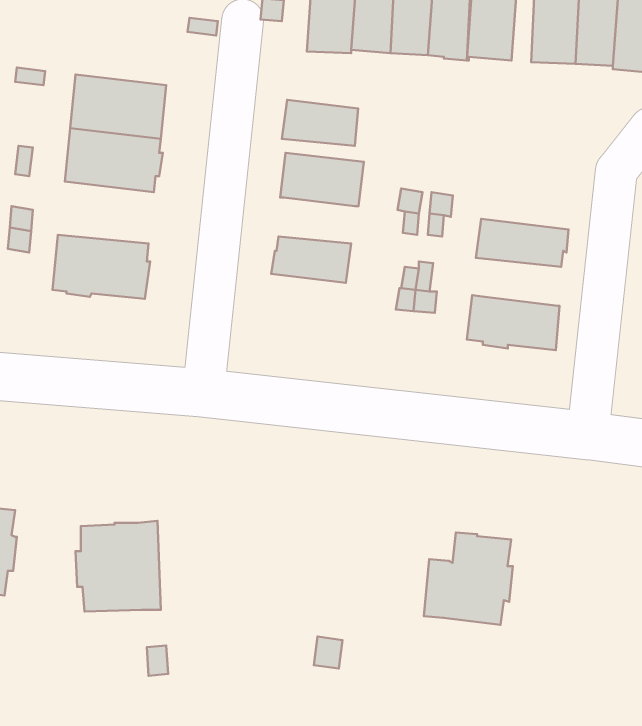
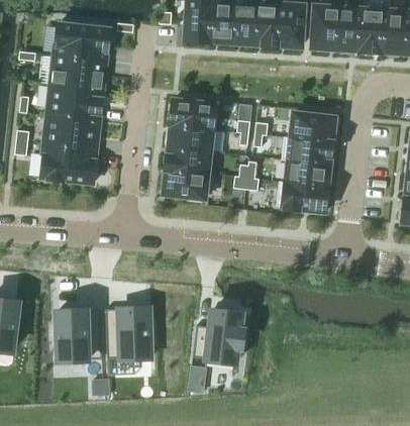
building: none -> [55,19,111,60]
building: [282,100,358,146] -> [169,124,212,150]
building: none -> [284,112,334,142]
building: none -> [43,115,98,150]
building: none -> [281,158,329,186]
building: none -> [164,168,207,201]
building: none -> [105,307,153,358]
building: [424,533,513,625] -> [193,309,243,361]

